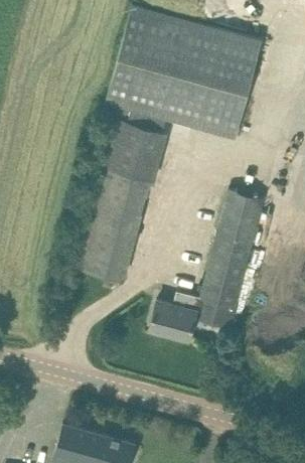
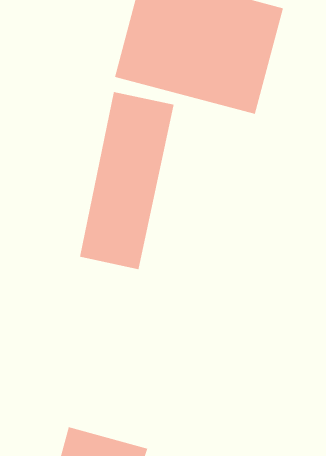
building: [150,191,265,341] -> none

